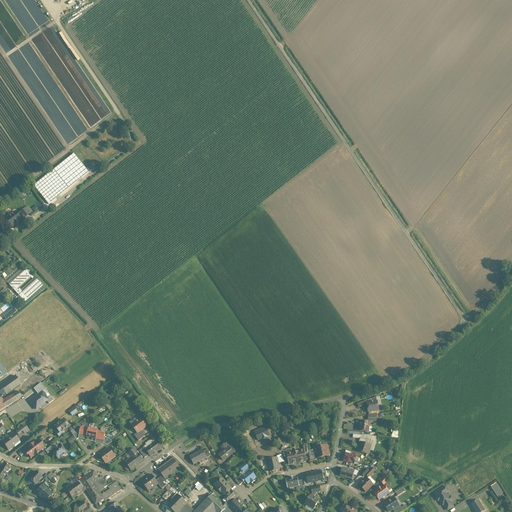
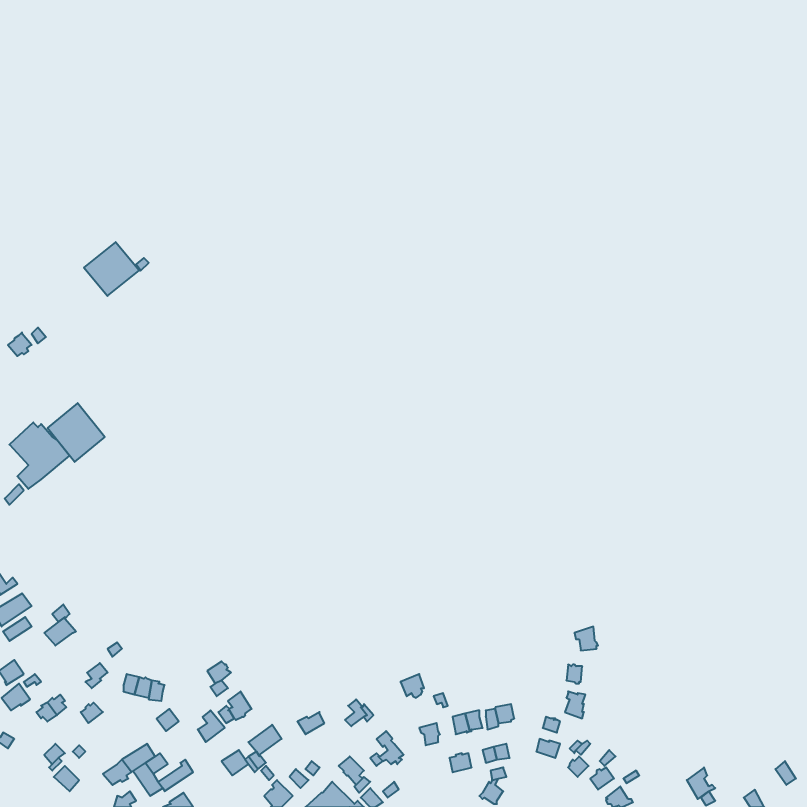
building: [33,169,68,203] -> none
building: none -> [48,403,105,462]

